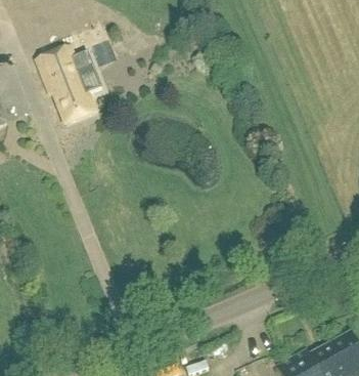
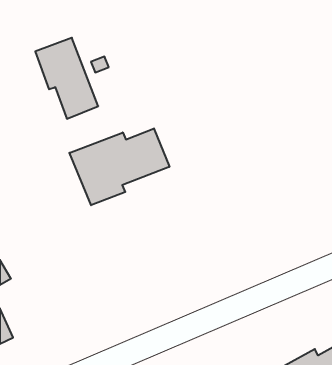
building: none -> [69,128,169,205]

